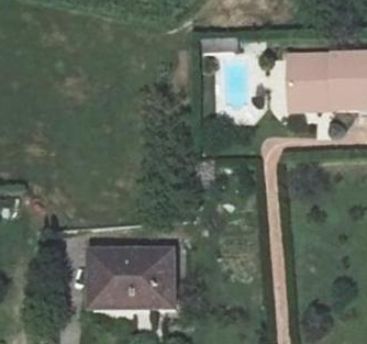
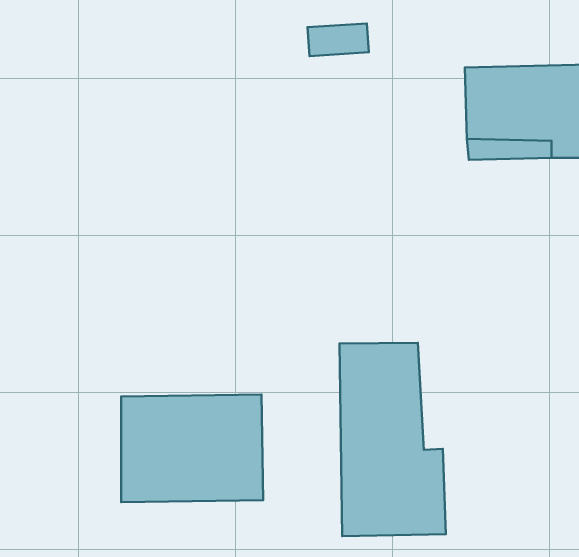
building: none -> [340,343,446,536]

